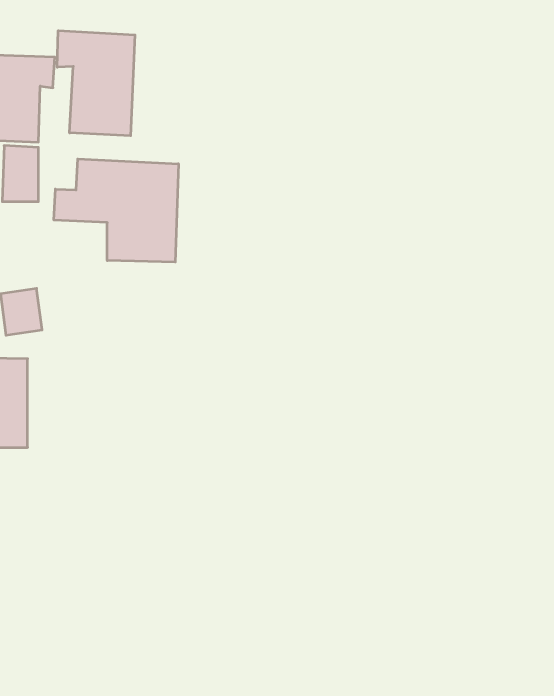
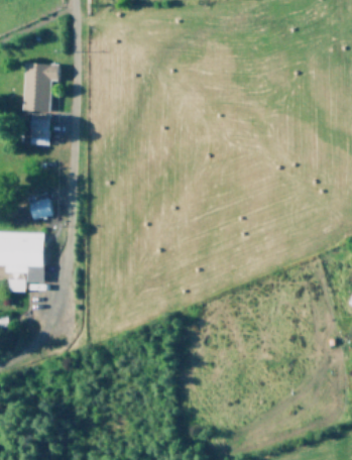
building: [57,31,135,136] -> none
building: [54,159,178,262] -> none

